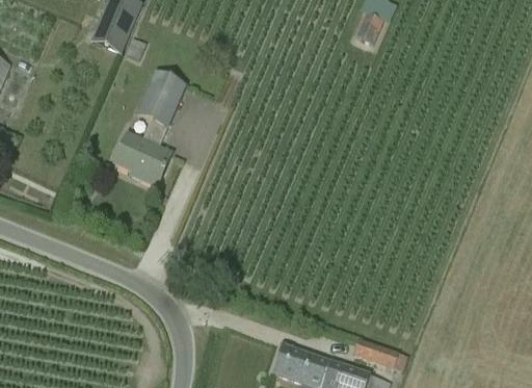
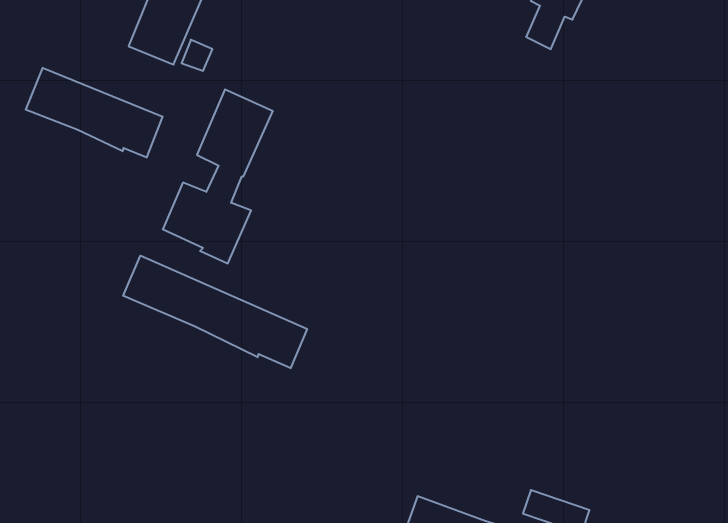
building: none -> [26,68,163,158]
building: none -> [123,256,307,368]

